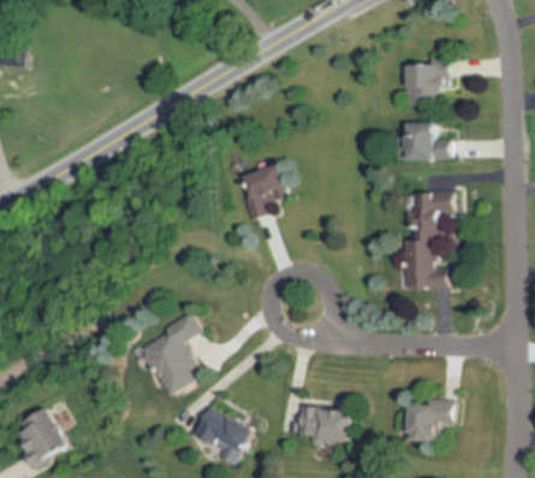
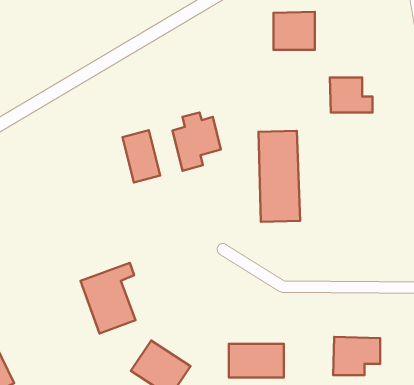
building: [405,61,450,102] -> [273,12,315,50]
building: none -> [122,130,160,182]
building: [403,190,447,288] -> [258,131,300,222]

